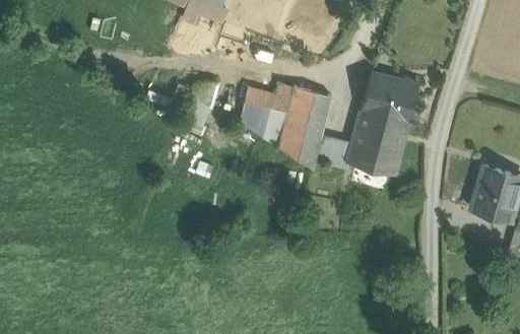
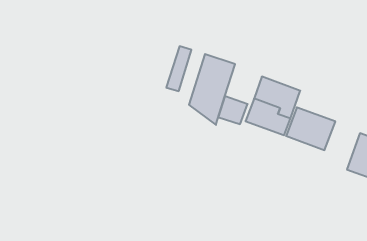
building: [362,74,418,122] -> [286,107,335,150]
building: [263,83,292,148] -> none

